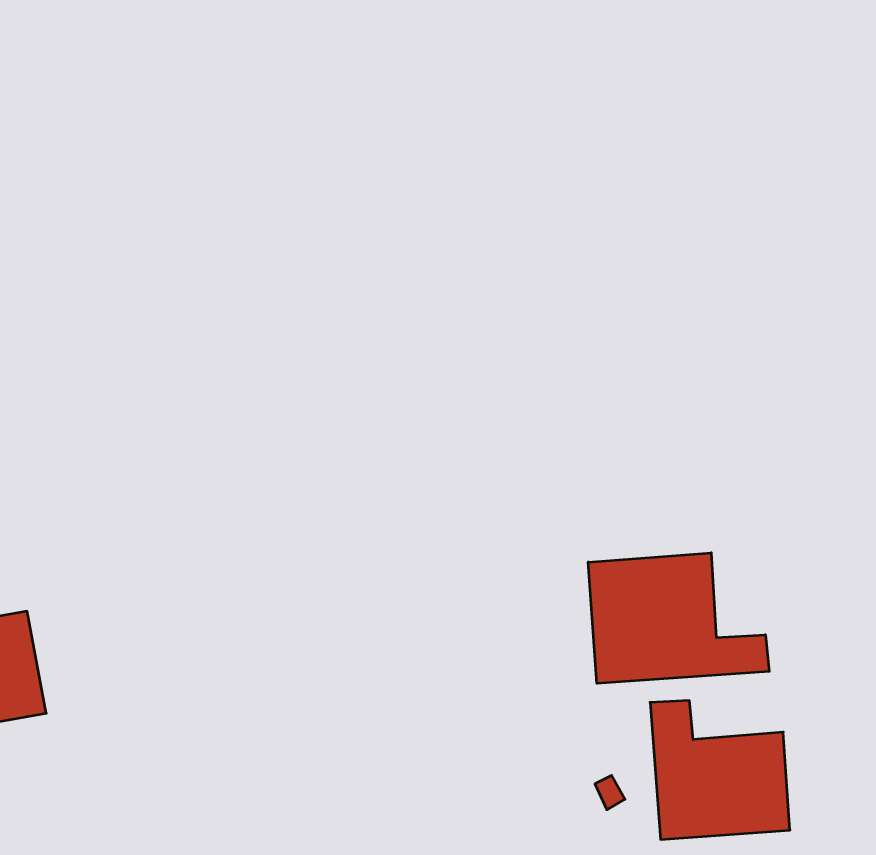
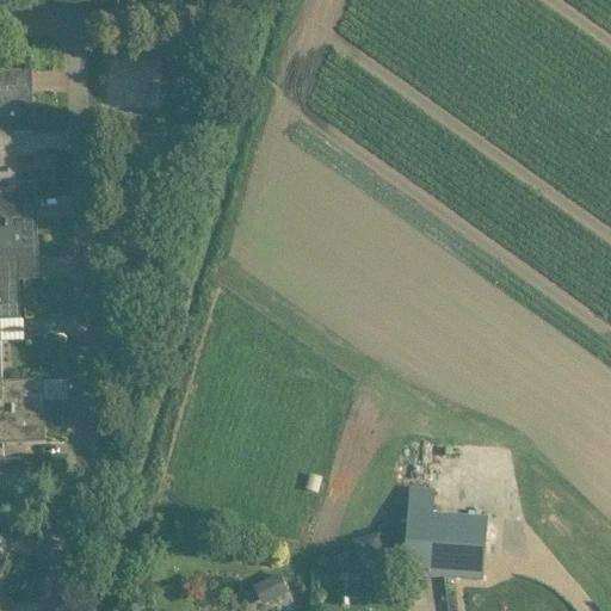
building: [588,553,769,683] -> none

